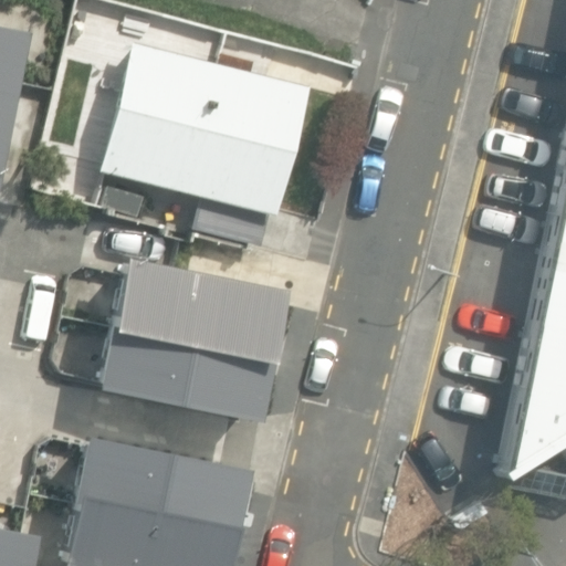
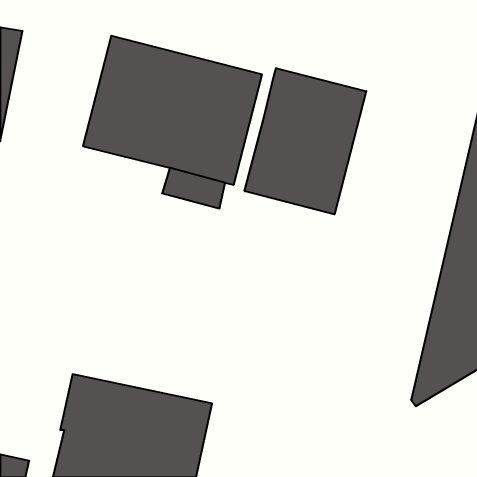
building: none -> [245,68,366,214]
building: [101,260,291,426] -> none

